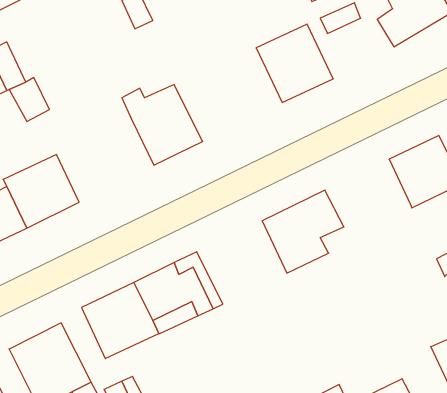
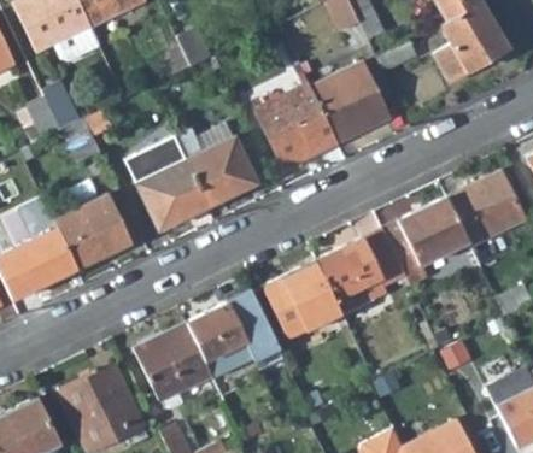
building: none -> [256,84,338,169]
building: none -> [124,135,207,228]
building: none -> [381,199,468,287]
building: none -> [262,261,342,340]

